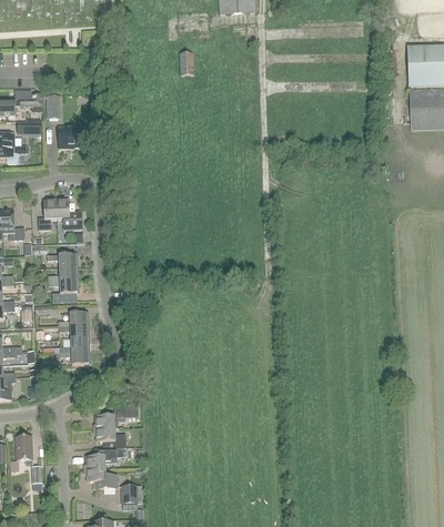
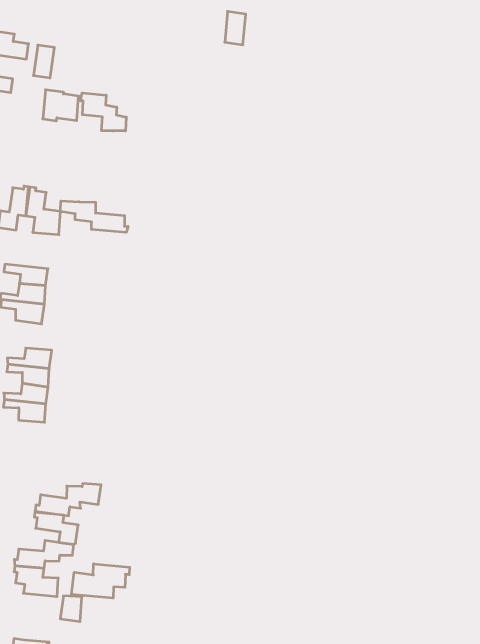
building: none -> [81,93,126,131]
building: none -> [61,201,128,232]
building: none -> [71,564,130,598]

